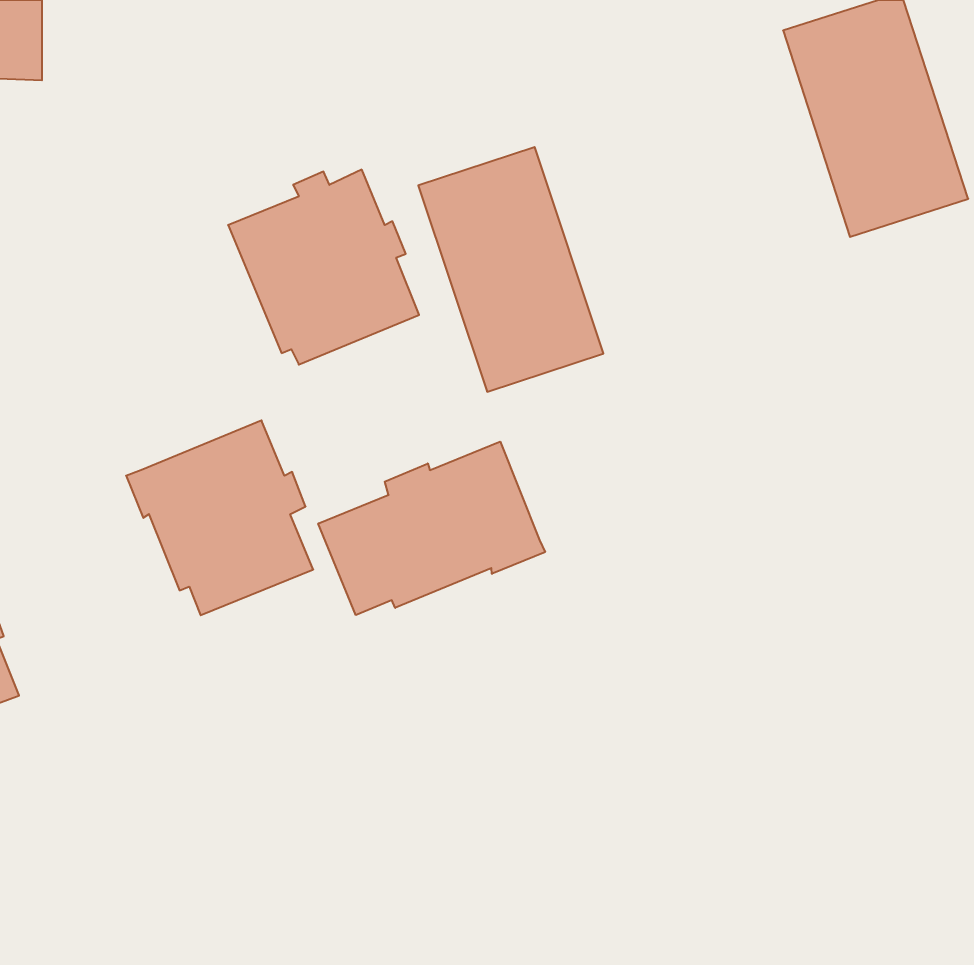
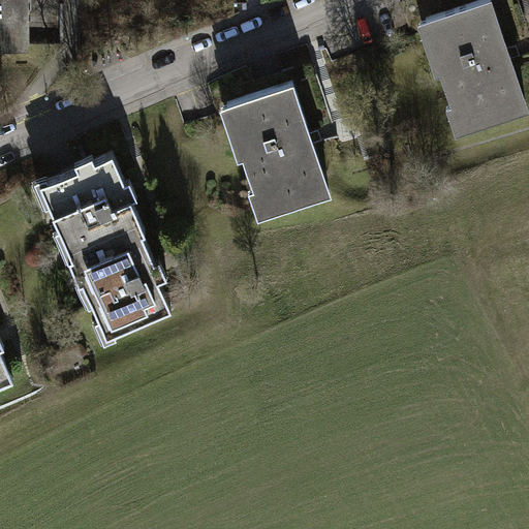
building: [228,170,419,365] -> [38,155,142,260]
building: [318,442,545,615] -> none

